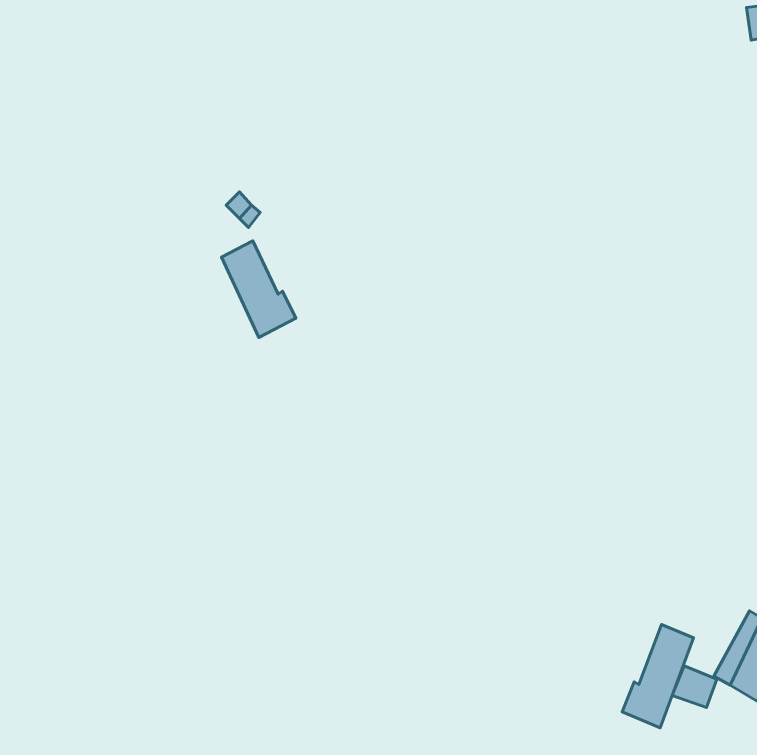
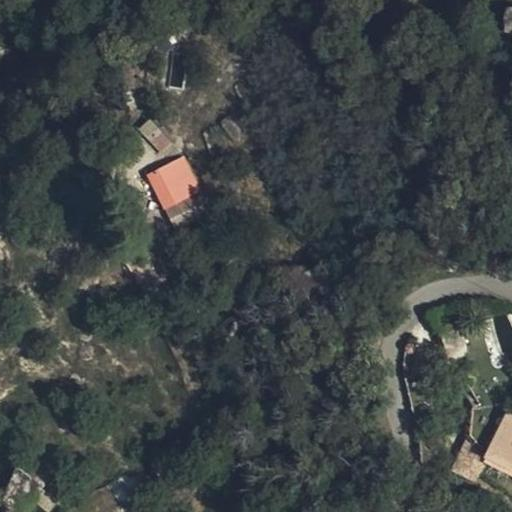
building: [622,624,693,728] -> none

